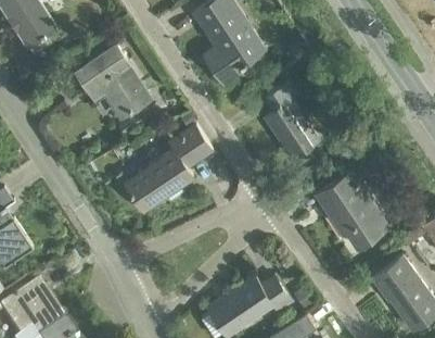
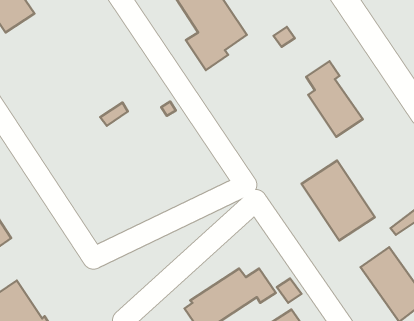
building: [76,46,149,117] -> none
building: [263,84,318,158] -> [306,61,363,137]
building: [125,126,212,210] -> none

